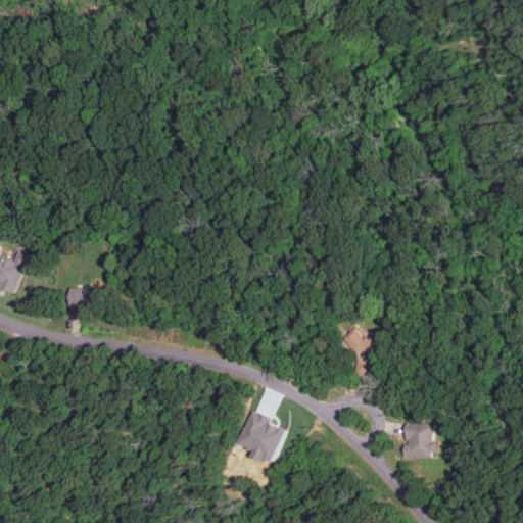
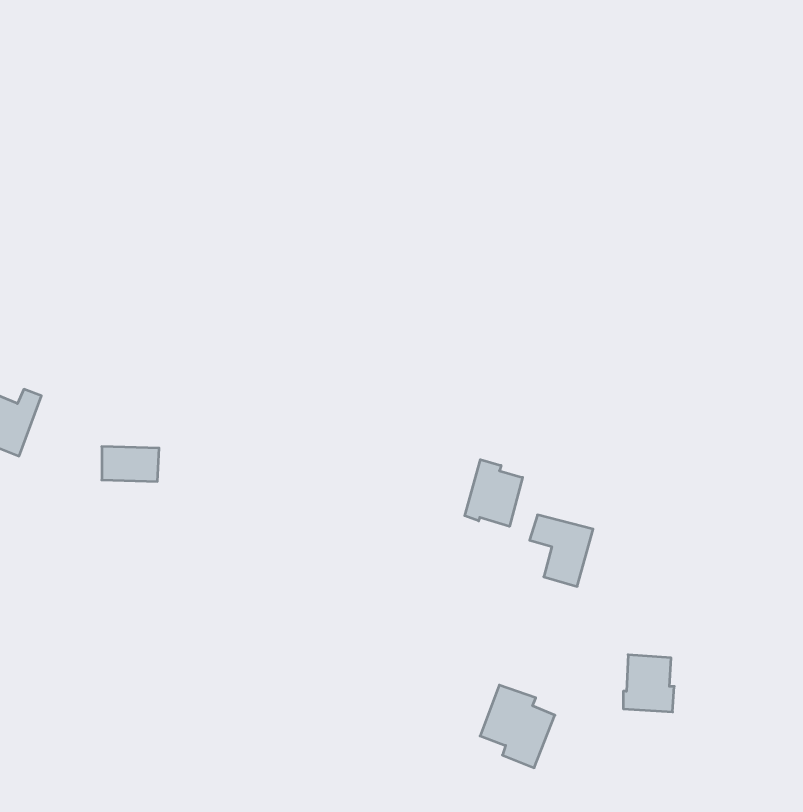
building: none -> [465,460,523,526]
building: [236,410,284,463] -> [480,685,555,768]

